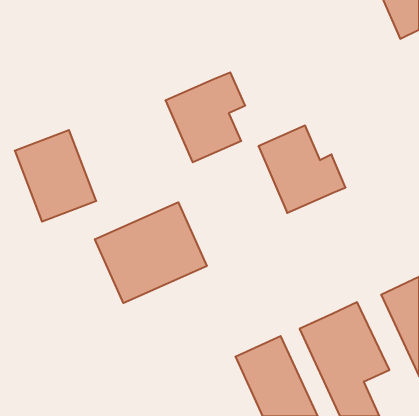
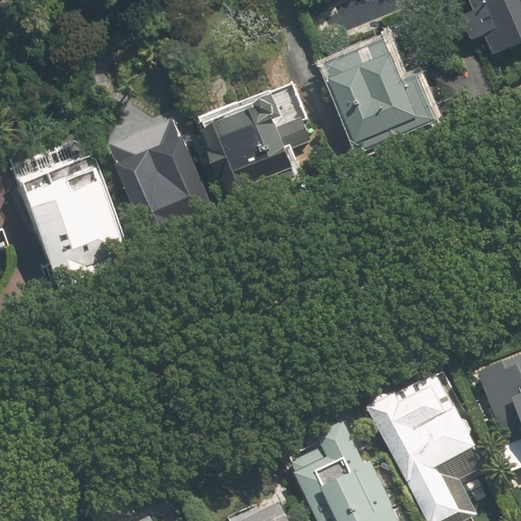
building: none -> [121,121,211,240]
building: [258,126,346,213] -> [327,38,435,146]
building: [95,202,207,303] -> none

